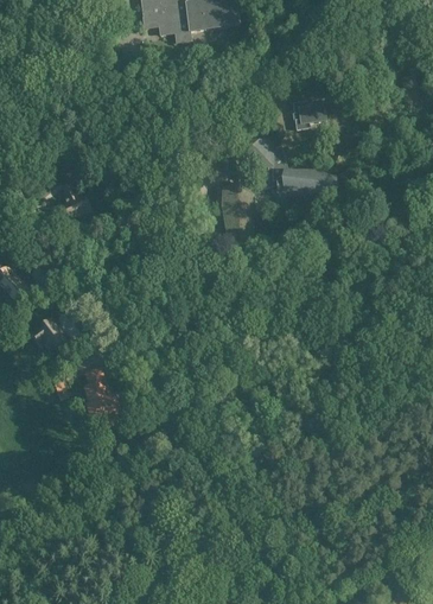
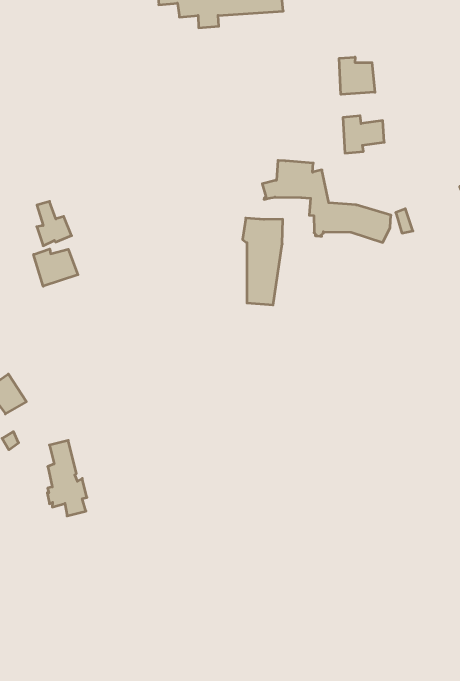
building: none -> [339,57,375,94]
building: none -> [34,249,78,286]

